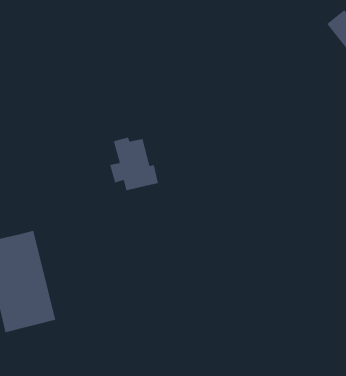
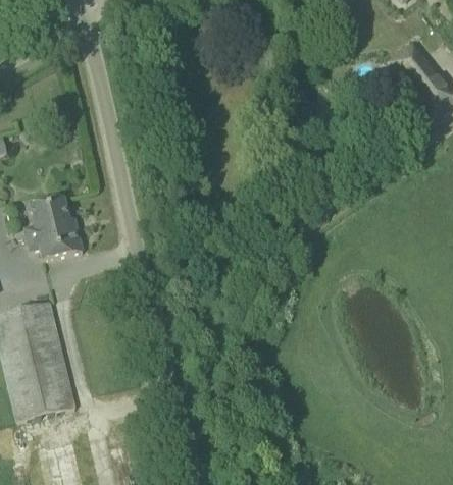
building: [109,137,159,191] -> [24,195,83,259]

